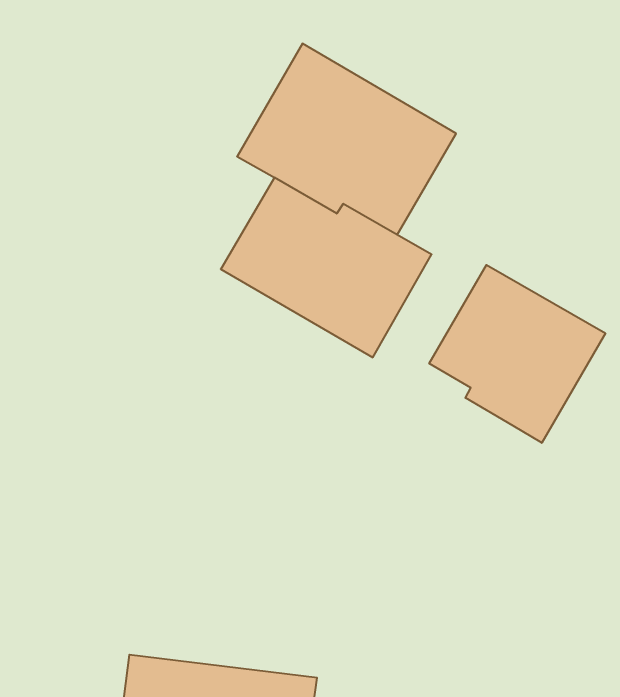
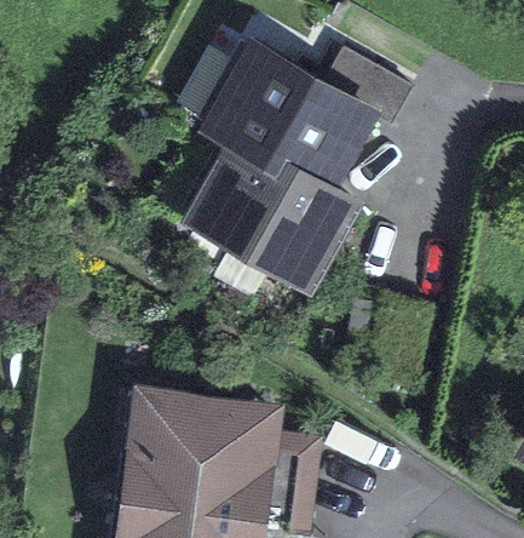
building: [429,265,605,443] -> none
building: none -> [126,397,278,519]

